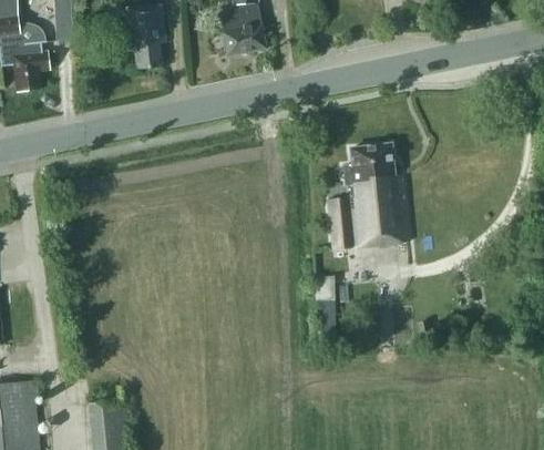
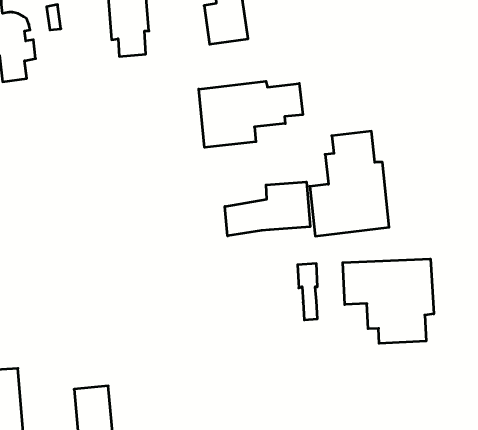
building: none -> [199,81,303,147]
building: none -> [225,182,310,236]
building: none -> [343,259,434,343]

